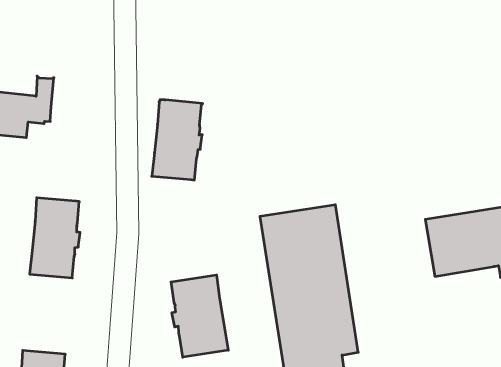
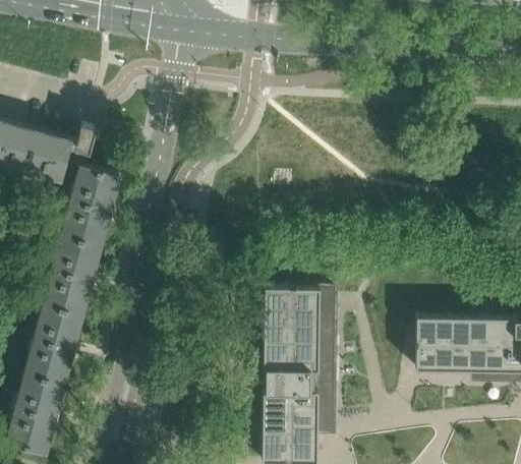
building: [152,100,203,180] -> [62,166,120,245]
building: none -> [25,304,82,384]
building: [171,275,228,357] -> none

